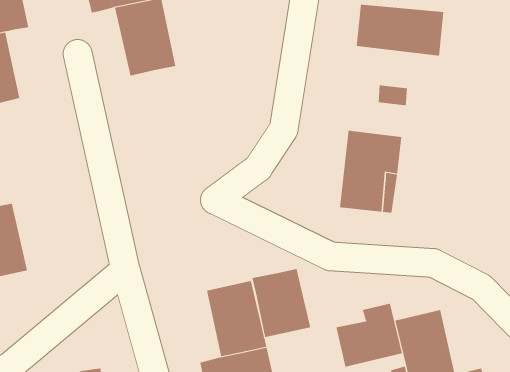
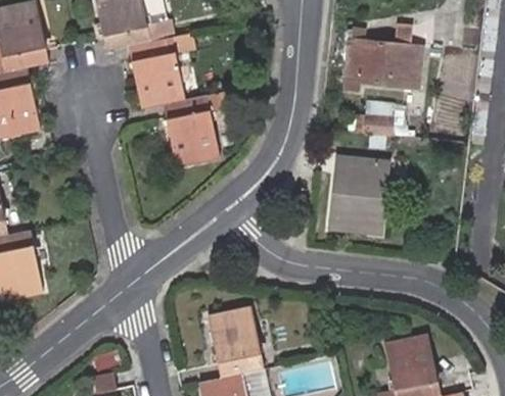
building: none -> [159,95,217,165]
building: [252,268,311,338] -> none
building: [336,303,403,367] -> none

